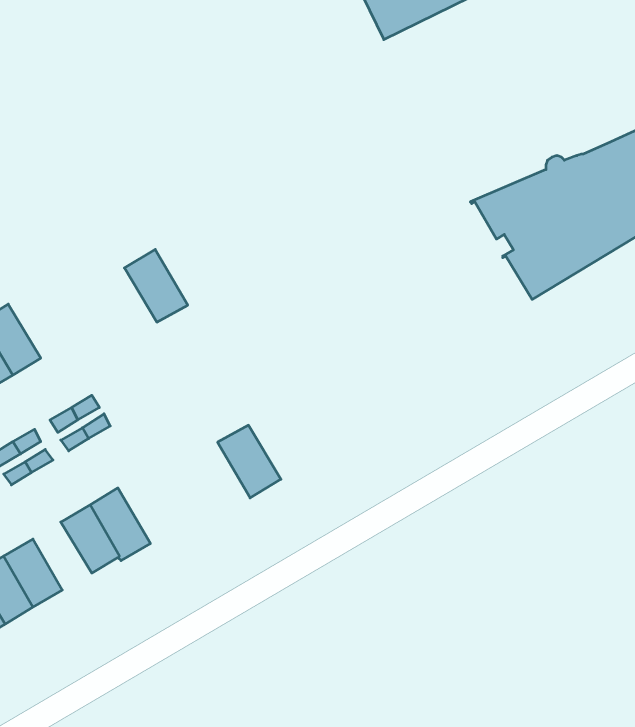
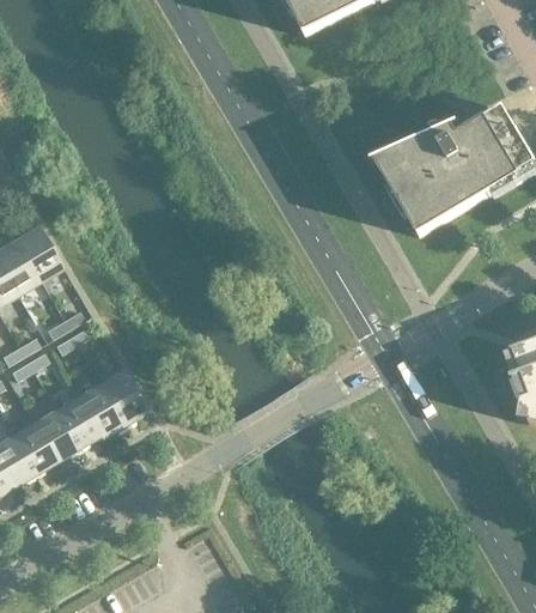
building: [124,249,188,322] -> [14,226,63,283]
building: [218,425,281,498] -> [99,370,148,426]
building: none -> [34,409,79,462]

